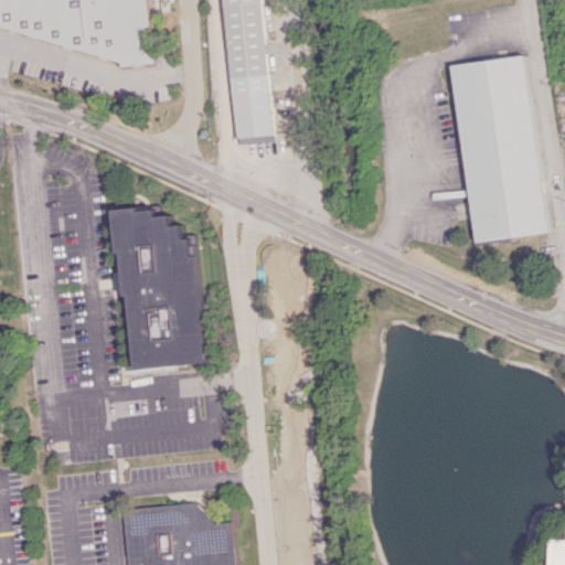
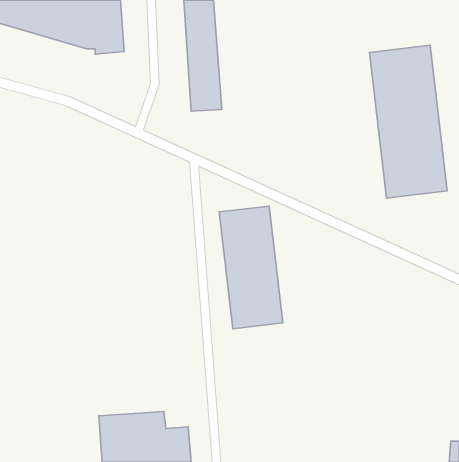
building: [114,204,207,369] -> none
building: none -> [219,206,283,329]

